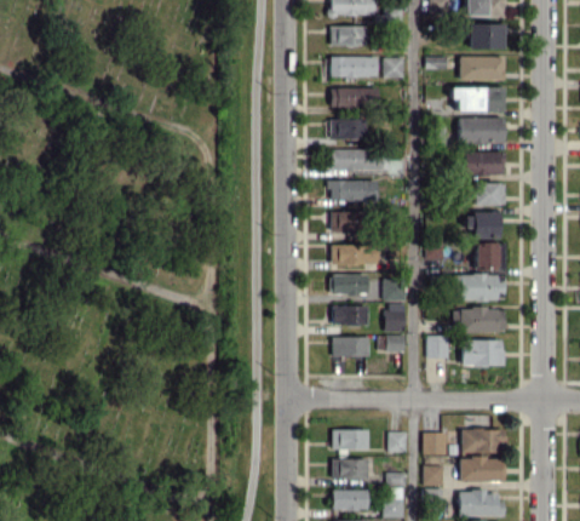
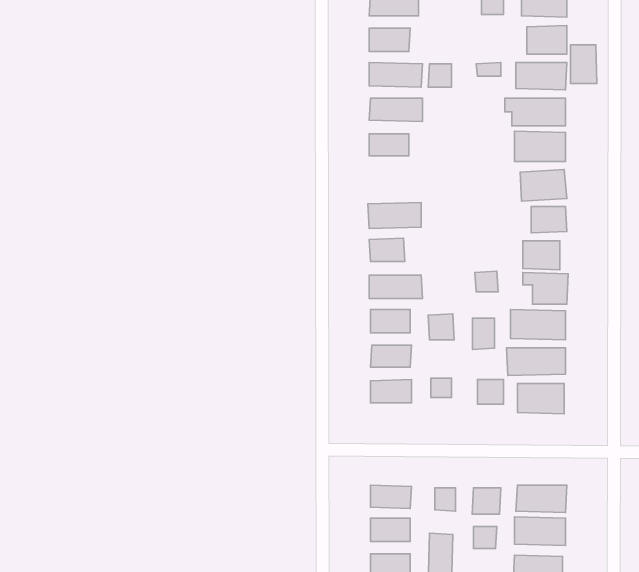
building: none -> [570,45,597,83]
building: [333,150,389,171] -> none
building: [386,304,406,332] -> [472,318,494,350]

